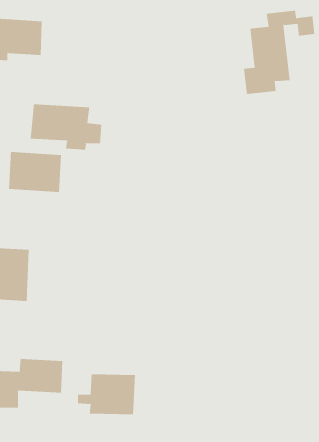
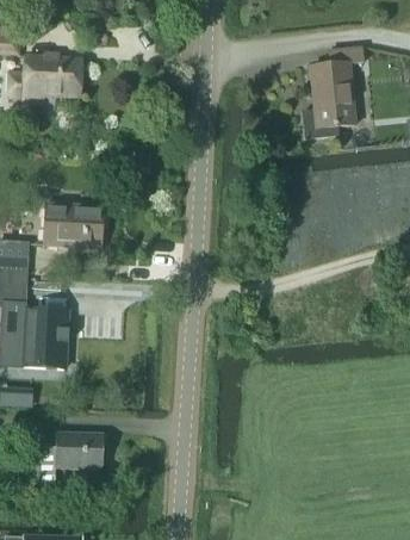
building: [30,103,102,150] -> none
building: [77,373,136,415] -> none

